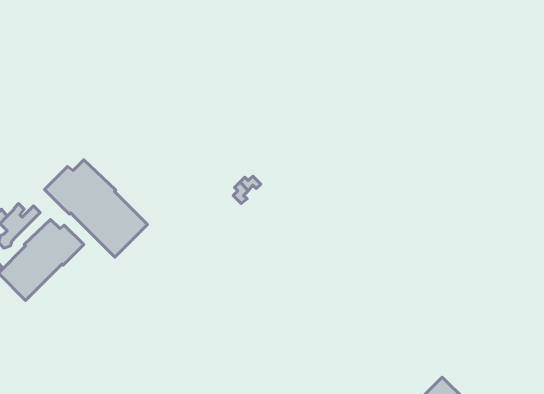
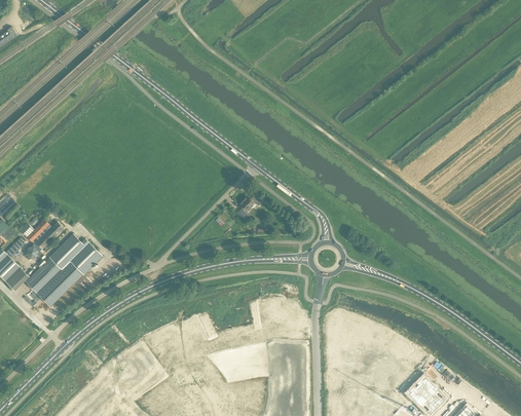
building: [45,160,148,257] -> none

